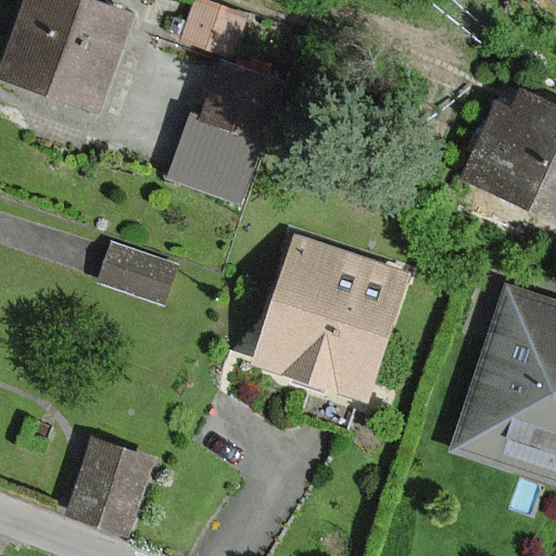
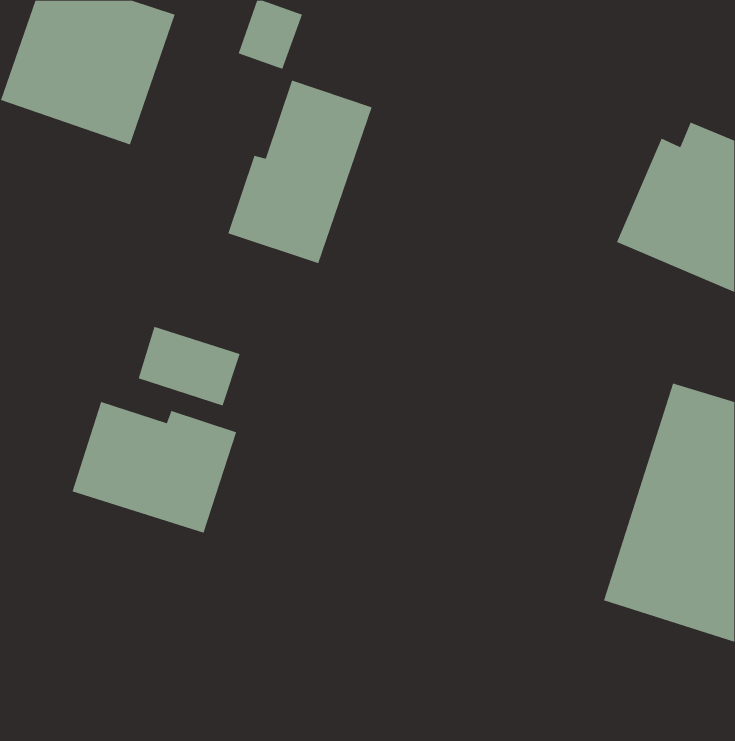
building: [255,239,406,399] -> none
building: none -> [72,401,237,534]
building: [72,441,159,536] -> none

